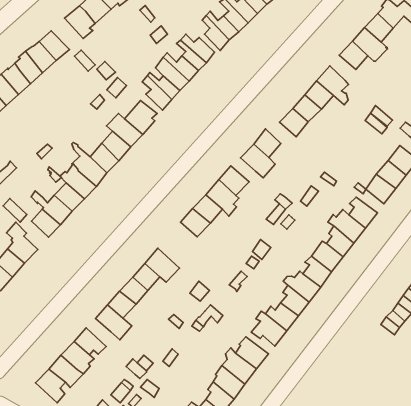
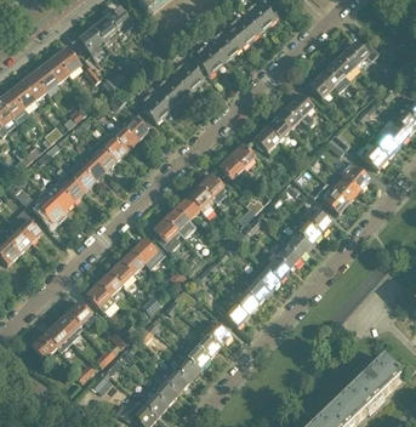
building: none -> [152,216,181,252]

